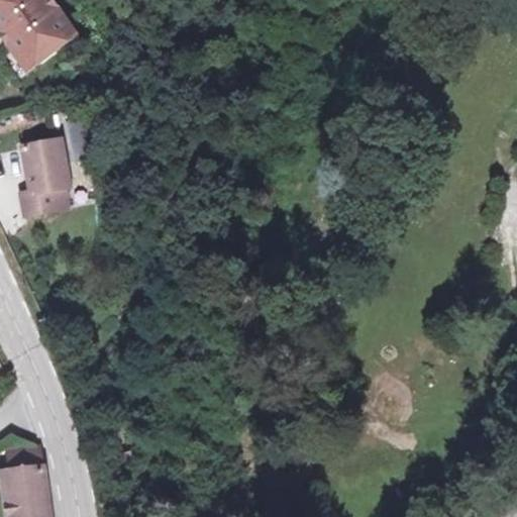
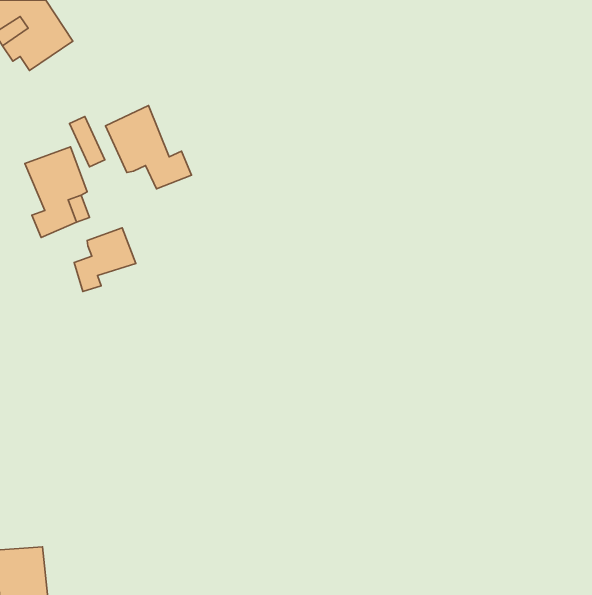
building: none -> [105,106,192,189]
building: none -> [74,228,136,292]

